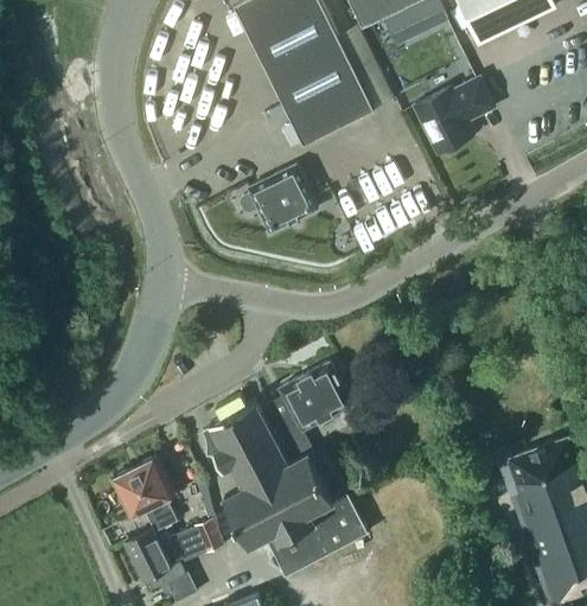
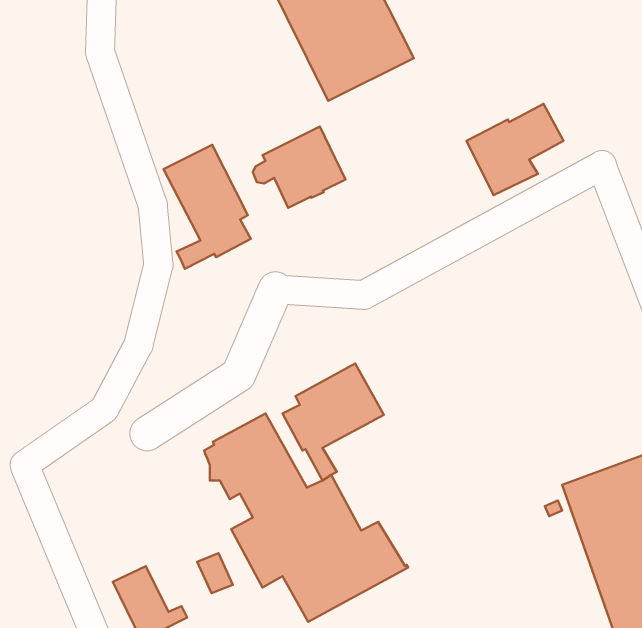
building: [414,76,495,152] -> [467,104,563,195]
building: none -> [164,145,251,269]
building: [111,458,176,532] -> none
building: [170,527,205,564] -> none

